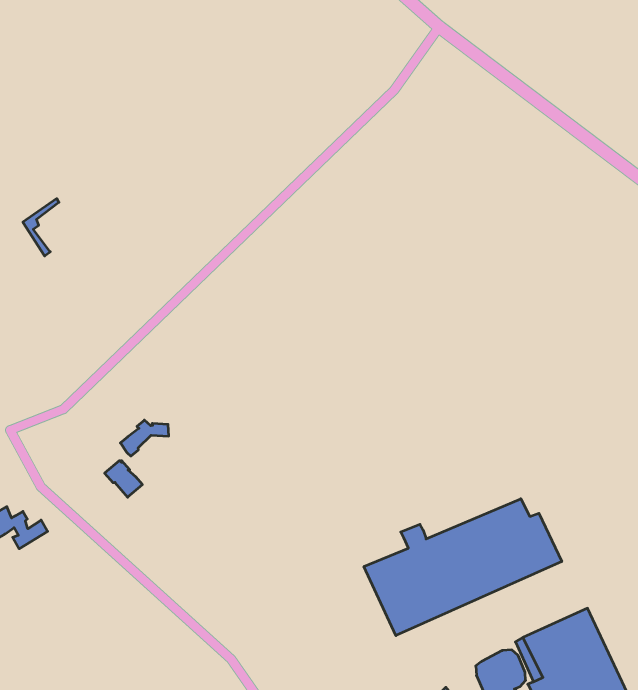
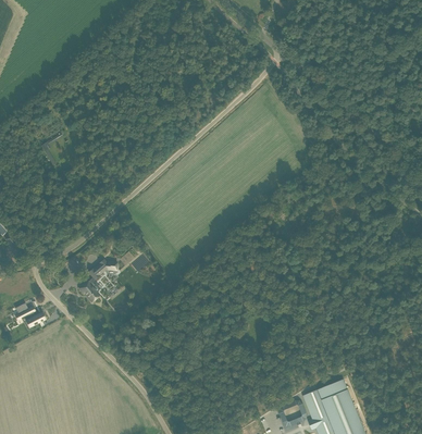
building: [364,499,562,636] -> none

